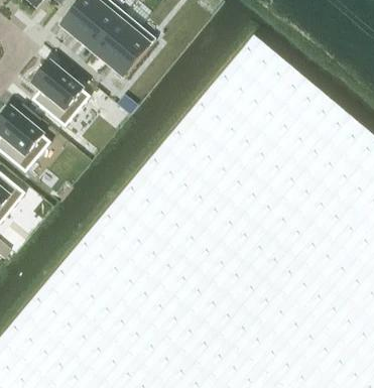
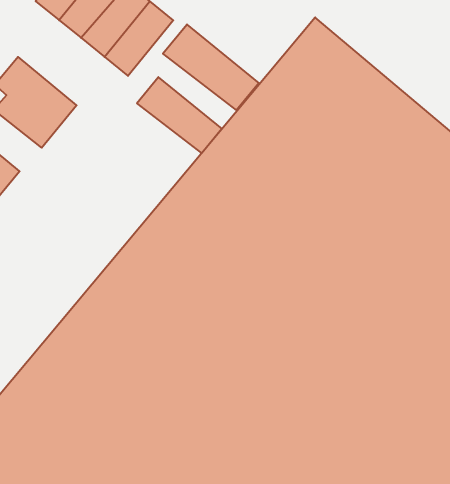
building: none -> [163,24,259,110]
building: none -> [137,77,222,153]

